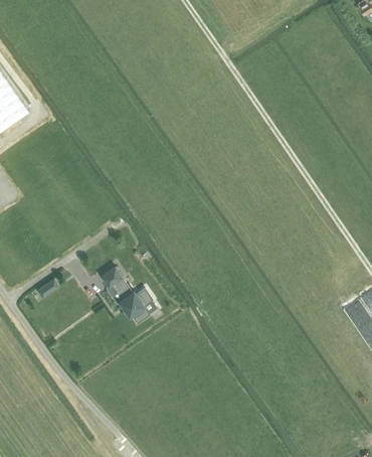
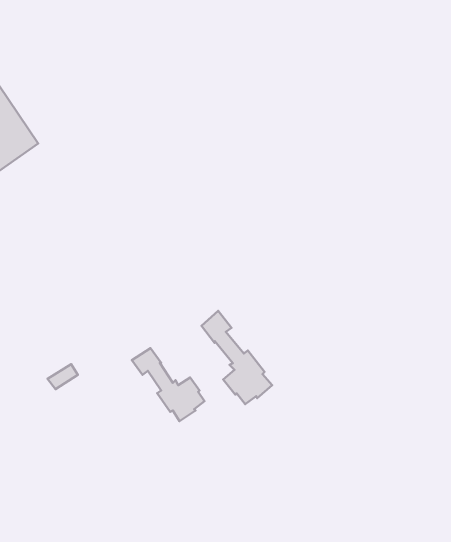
building: none -> [201,311,272,404]

